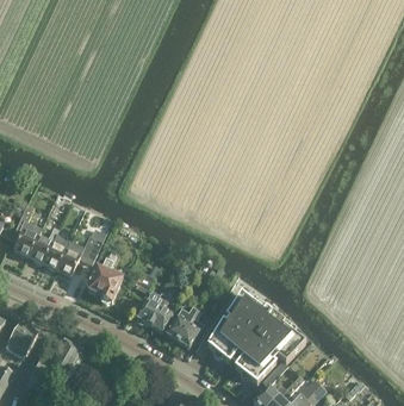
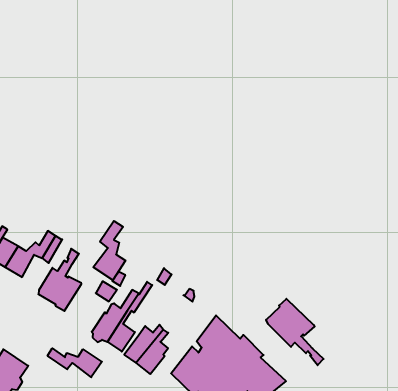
building: none -> [93,221,125,280]
building: none -> [266,299,324,365]
building: none -> [48,348,102,377]

